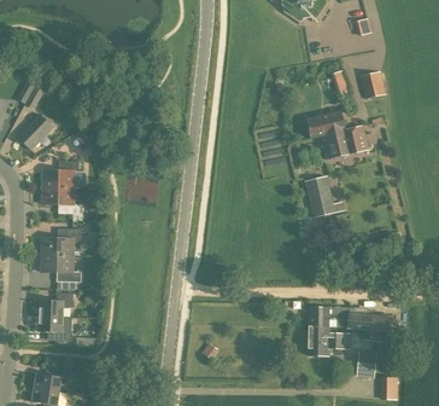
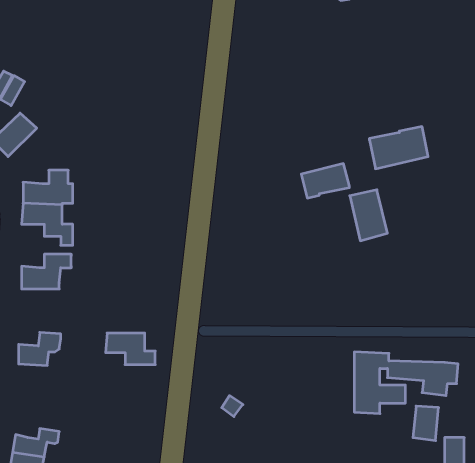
building: [358,70,385,98] -> none
building: [305,110,344,138] -> [301,164,349,198]
building: [40,255,80,280] -> [106,333,155,365]
building: [39,315,71,340] -> none

